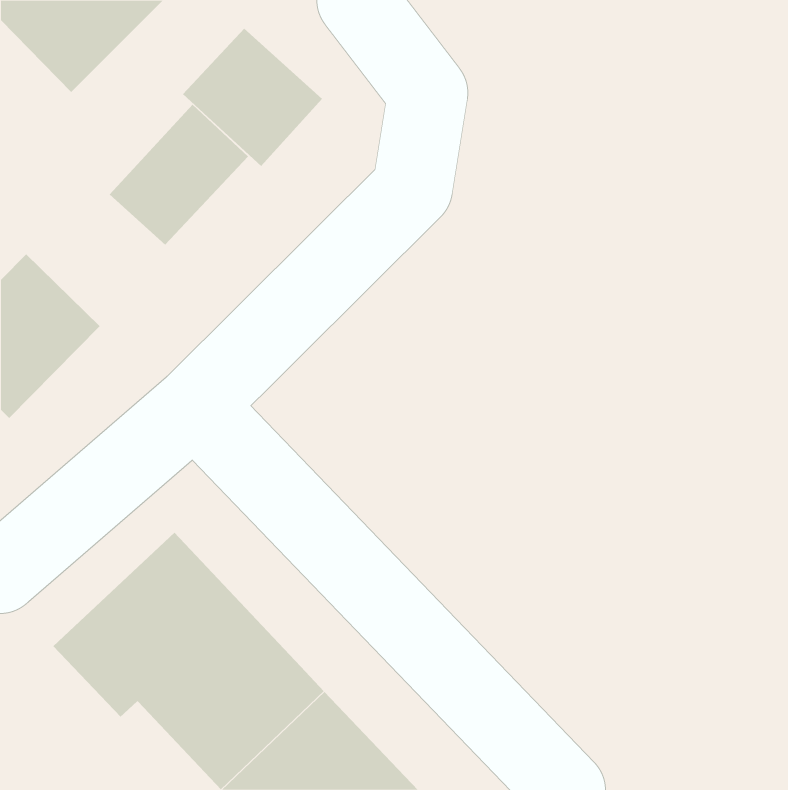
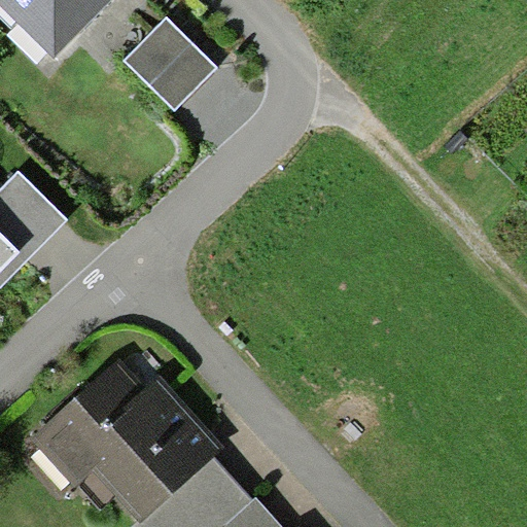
building: [109,104,249,246] -> none

